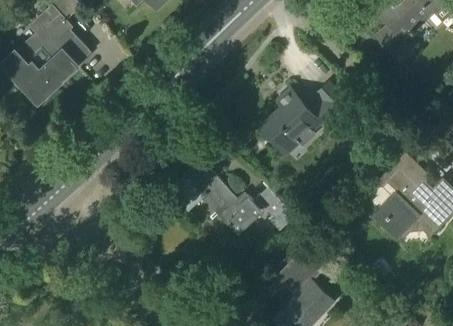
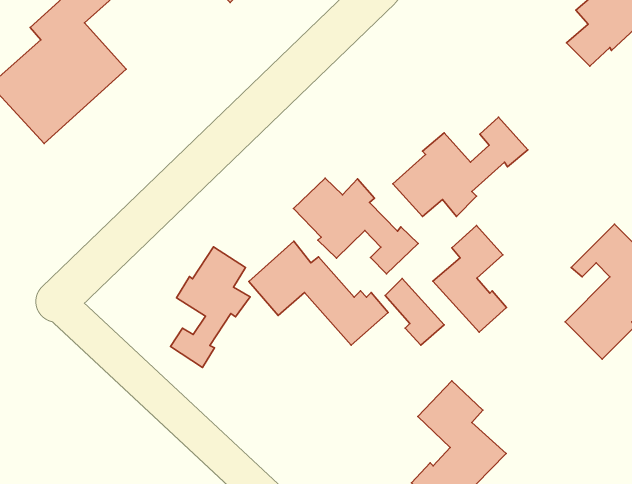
building: none -> [293,178,418,274]
building: none -> [433,226,507,332]
building: none -> [170,247,250,367]

